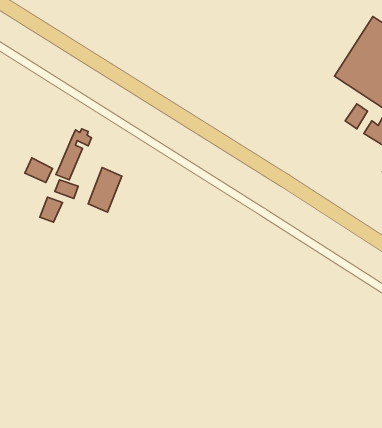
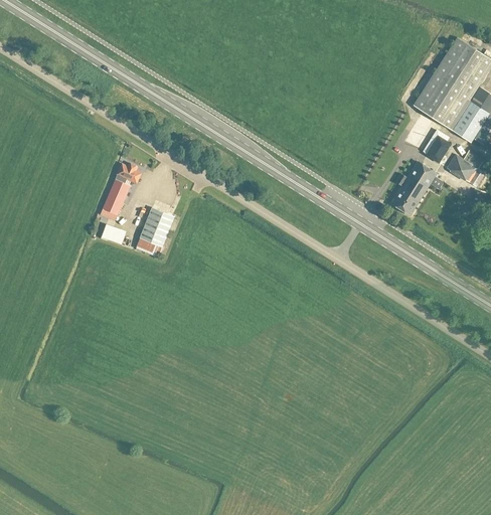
building: none -> [390,162,436,215]
building: [25,158,52,183] -> none
building: [40,197,62,222] -> none

